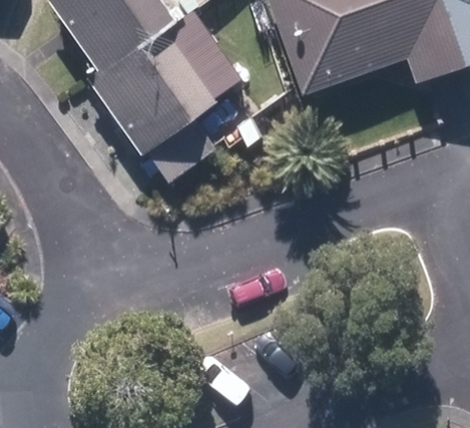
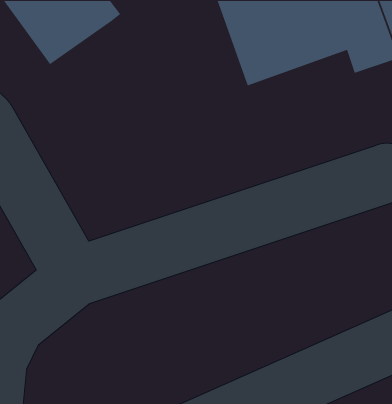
building: [89,23,219,153] -> none

